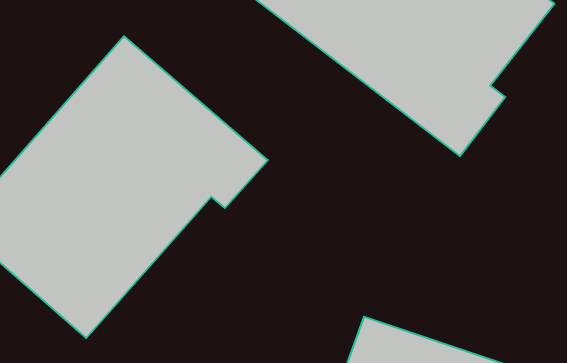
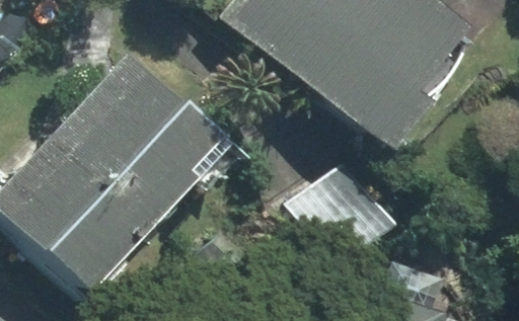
building: none -> [288,160,394,267]

